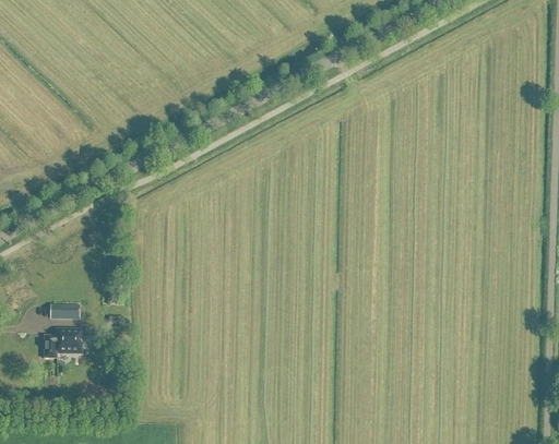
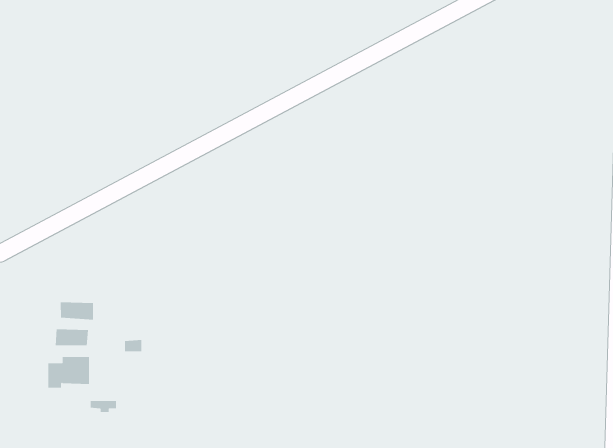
building: none -> [60,301,94,321]

